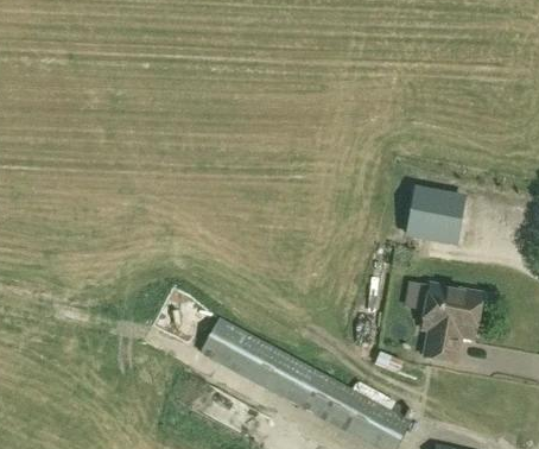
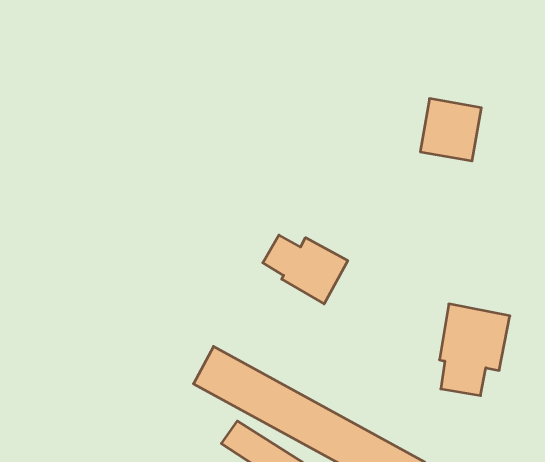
building: [407,186,462,242] -> [420,99,481,161]
building: none -> [263,235,348,304]

